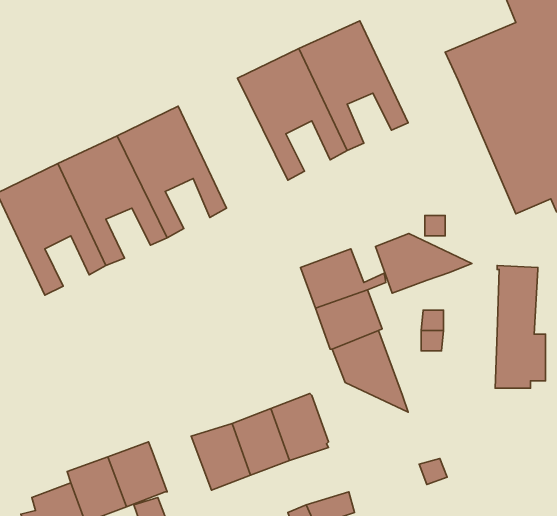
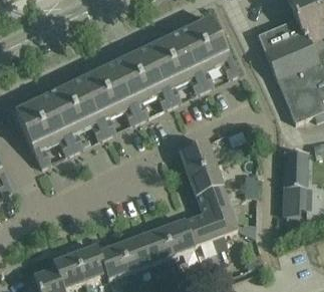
building: none -> [113,48,173,118]
building: [375,234,472,293] -> [186,213,238,245]
building: none -> [99,242,131,279]

